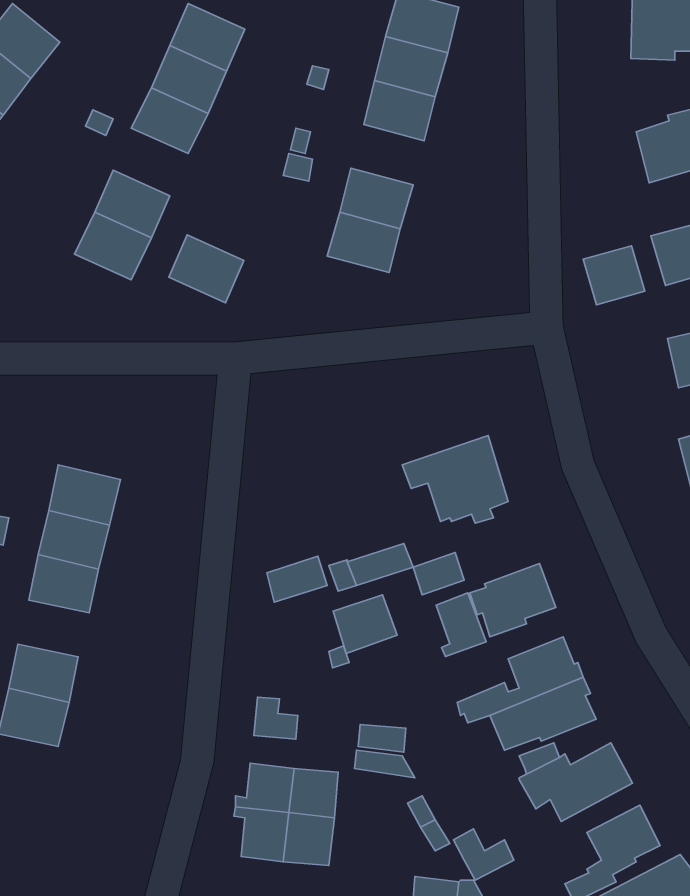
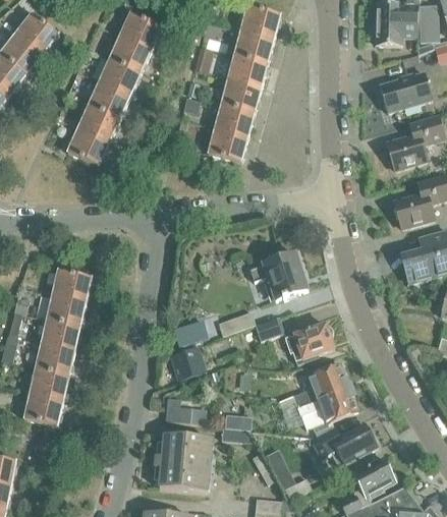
building: none -> [220,79,261,113]
building: [169,235,244,303] -> [88,81,129,119]
building: [583,246,645,305] -> none
building: [436,593,486,656] -> none
building: [333,595,397,653] -> [170,348,206,381]
building: none -> [35,344,74,376]

